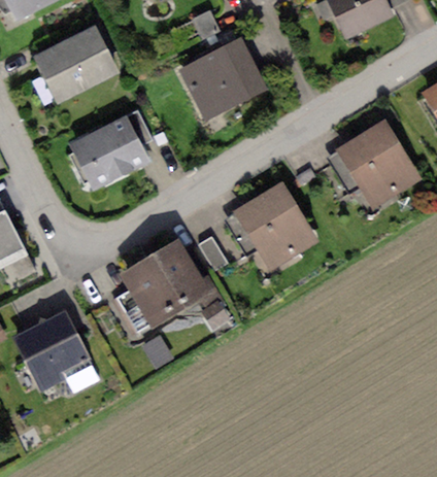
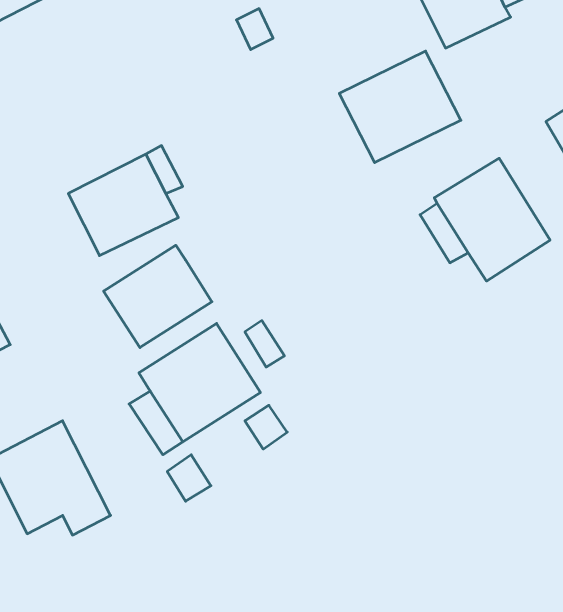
building: [34,25,119,102] -> none
building: [178,38,267,120] -> [339,51,461,163]
building: [224,180,320,270] -> none
building: none -> [104,245,212,348]

